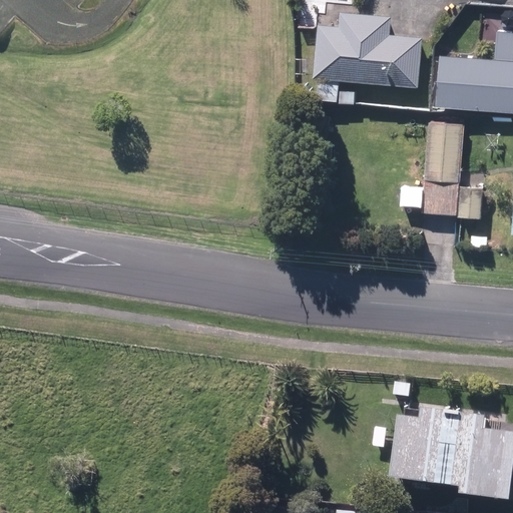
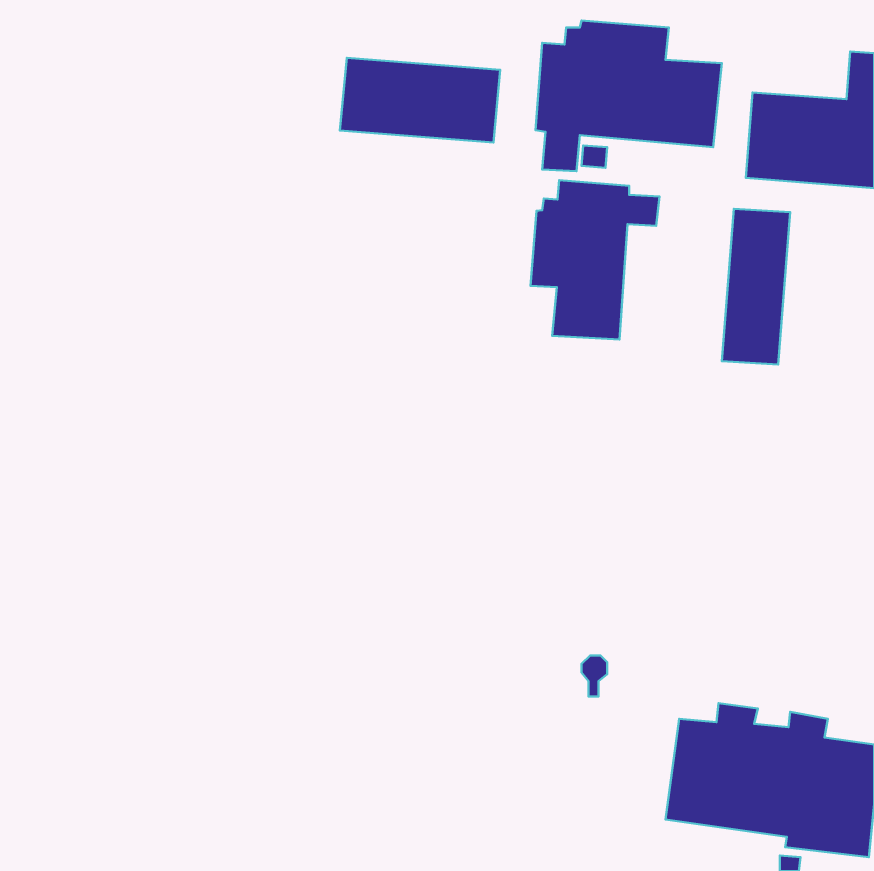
building: none -> [340,58,500,142]
building: none -> [531,180,659,339]

